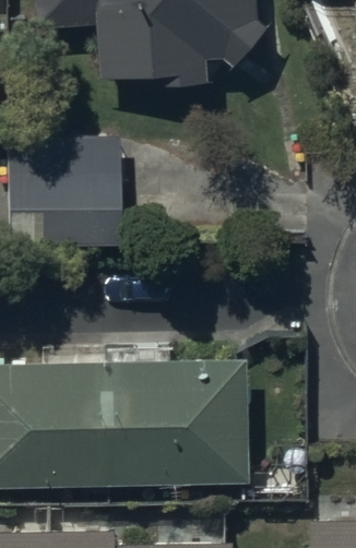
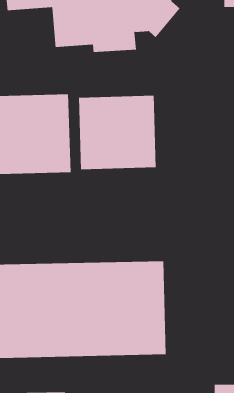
building: none -> [78,95,156,170]

